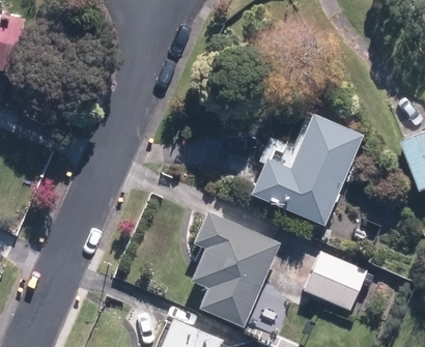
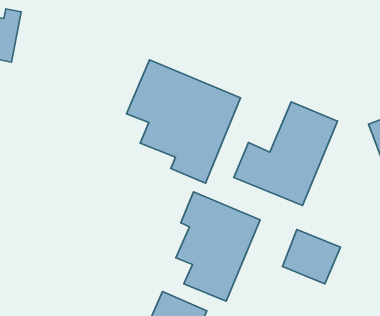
building: none -> [127,60,240,183]

